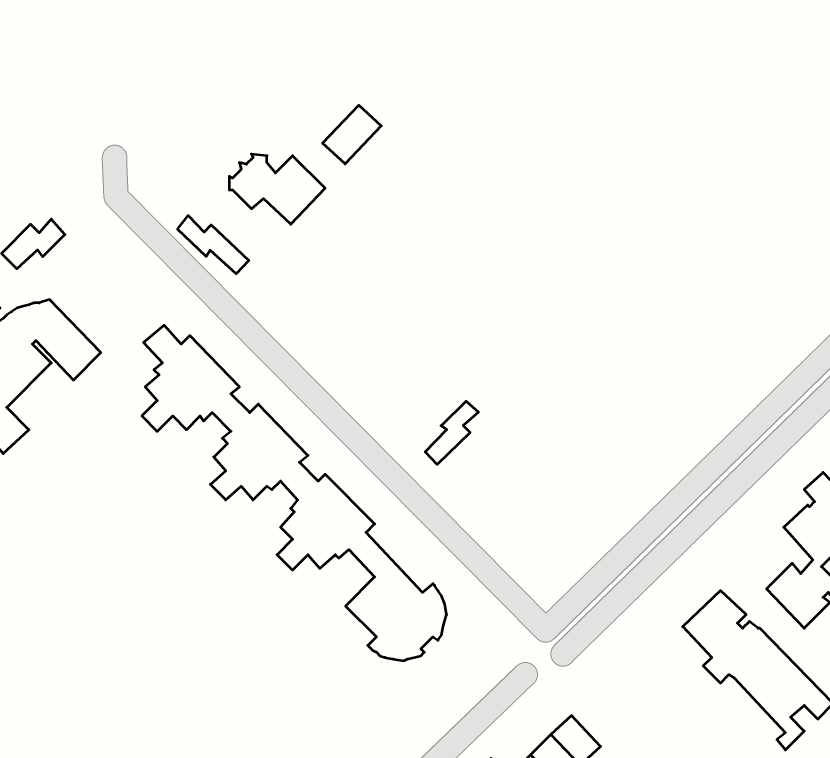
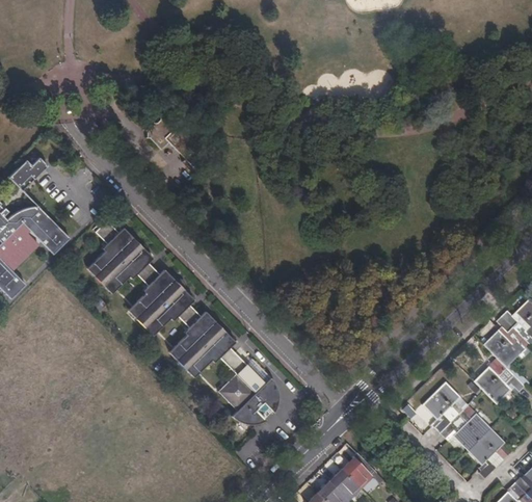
building: [323,105,381,164] -> none
building: [178,216,249,274] -> none
building: [425,401,478,464] -> none

